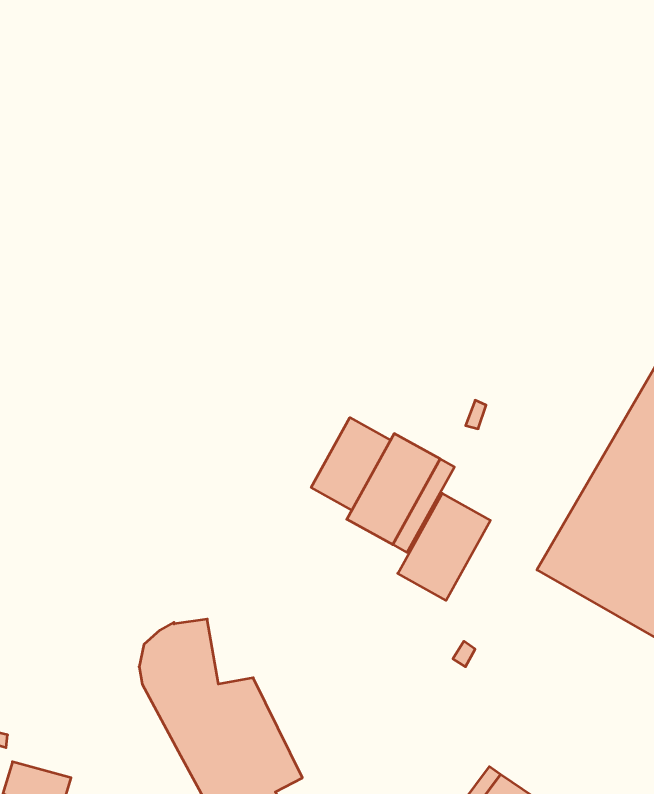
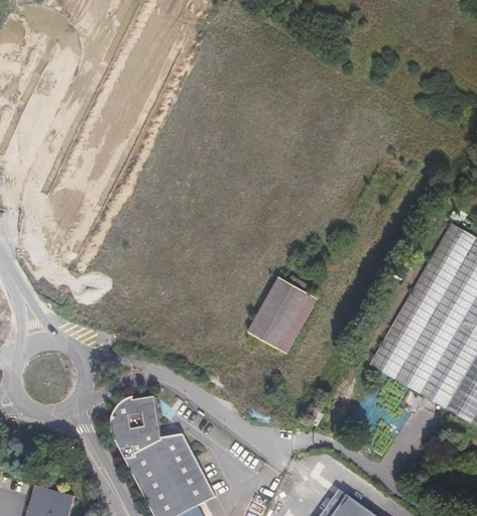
building: [311,418,391,510] -> none
building: [398,493,490,600] -> none

